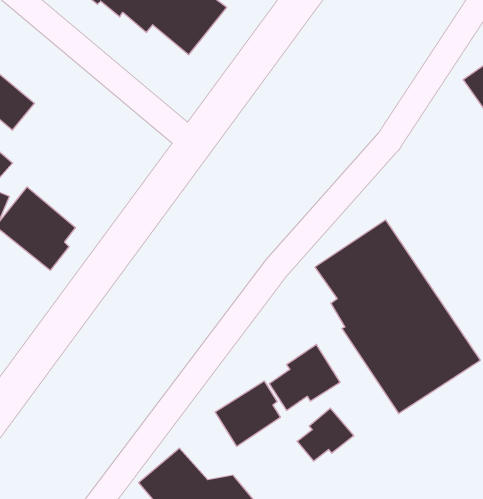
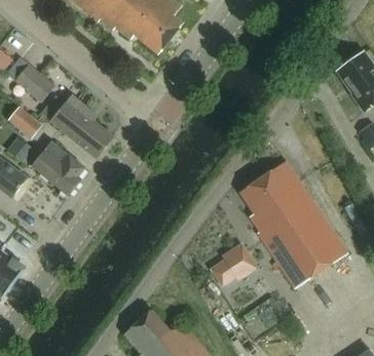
building: none -> [42,94,114,157]
building: [215,381,280,446] -> none
building: [297,408,354,461] -> none

